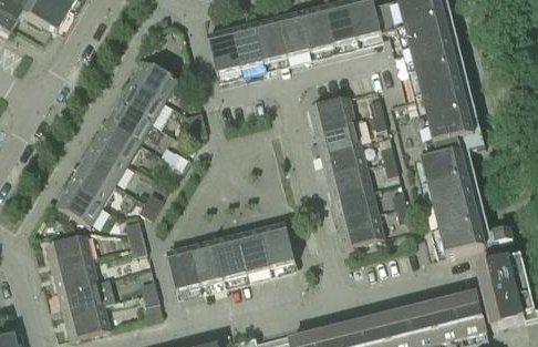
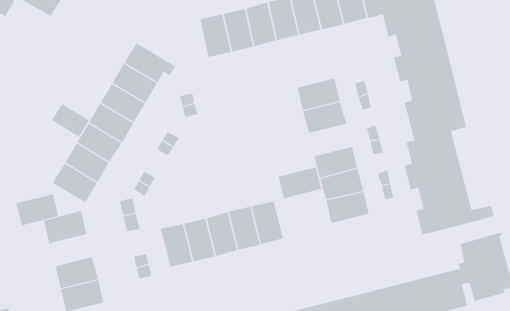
building: none -> [51,103,90,137]
building: [321,143,366,176] -> [278,167,322,199]
building: [52,257,97,290] -> [15,194,59,226]

